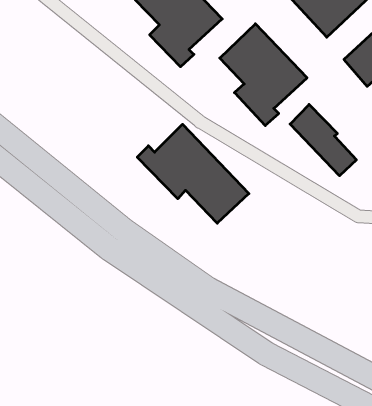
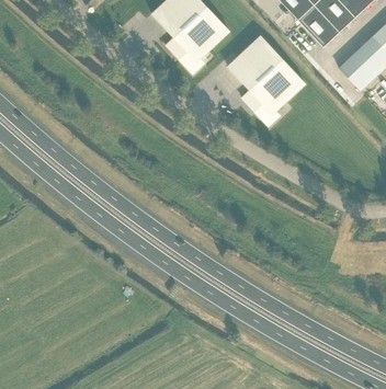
building: [290,104,356,176] -> none
building: [137,124,249,223] -> none

